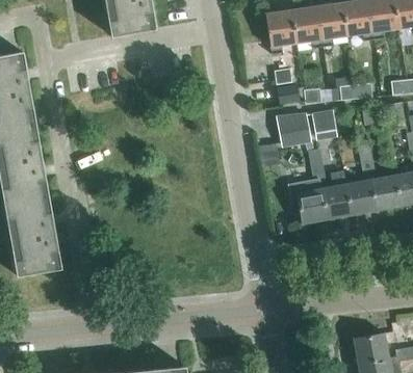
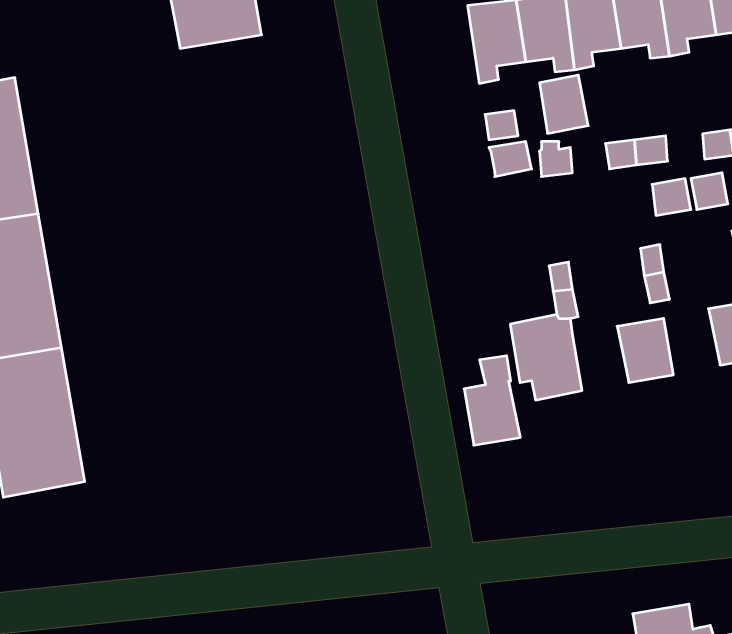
building: [312,109,338,140] -> [540,75,588,133]
building: [277,112,311,148] -> none
building: [321,170,352,218] -> [464,356,520,445]
building: [370,175,401,210] -> none

